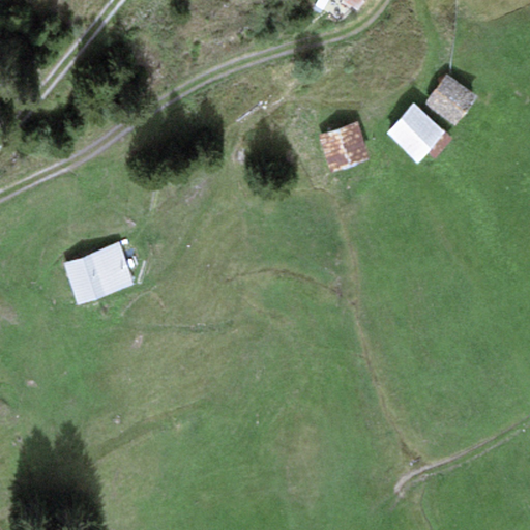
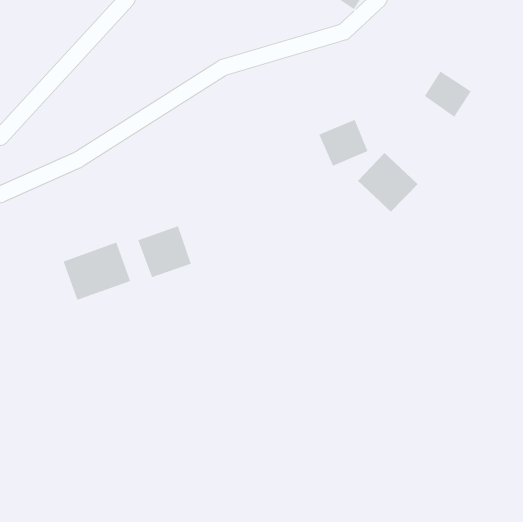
building: [384,101,446,163] -> [357,152,418,213]
building: none -> [137,225,192,278]

